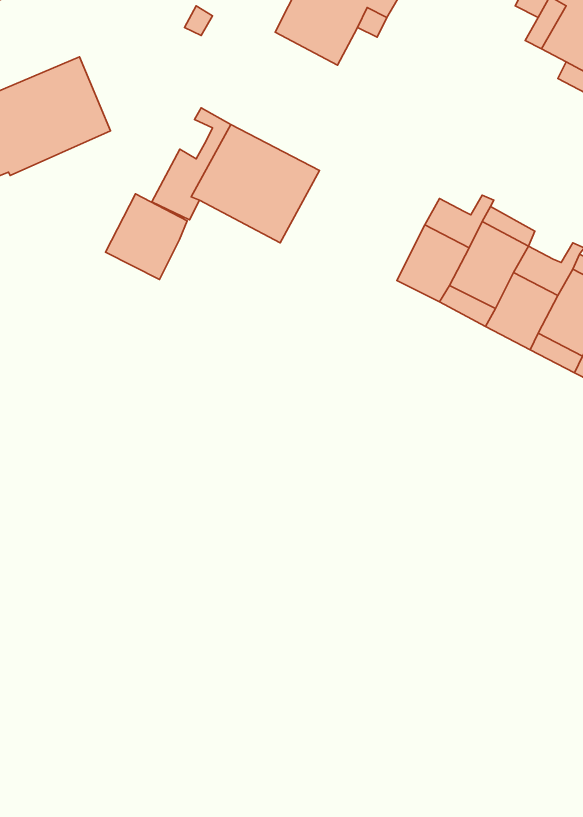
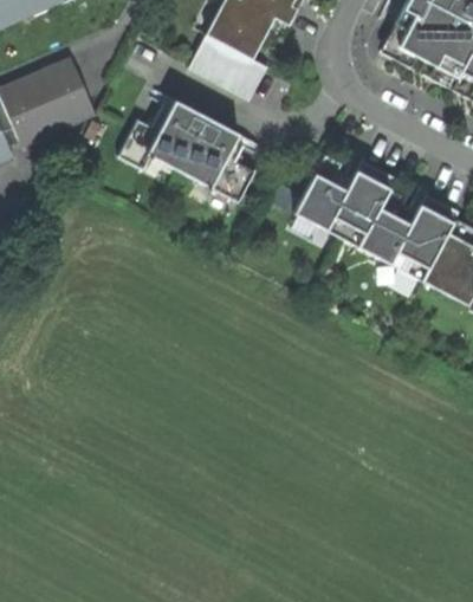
building: none -> [189,35,267,101]
building: none -> [210,135,260,202]
building: [105,194,187,279] -> none

